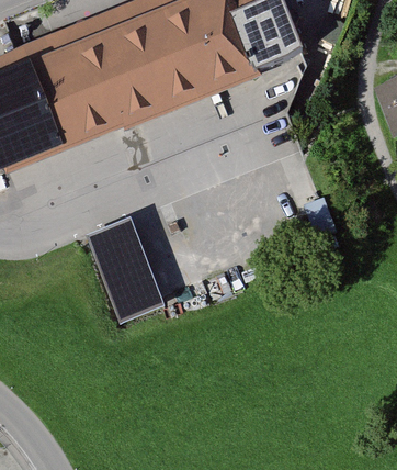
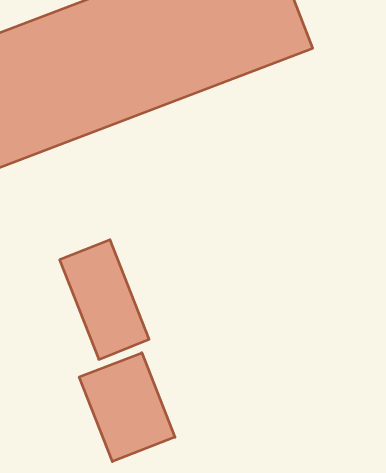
building: none -> [79,353,175,462]

